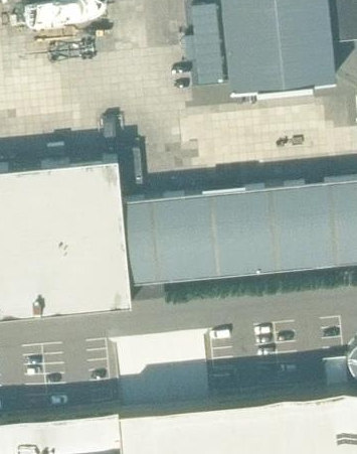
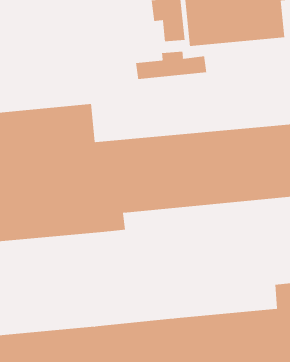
building: none -> [136,51,207,80]

